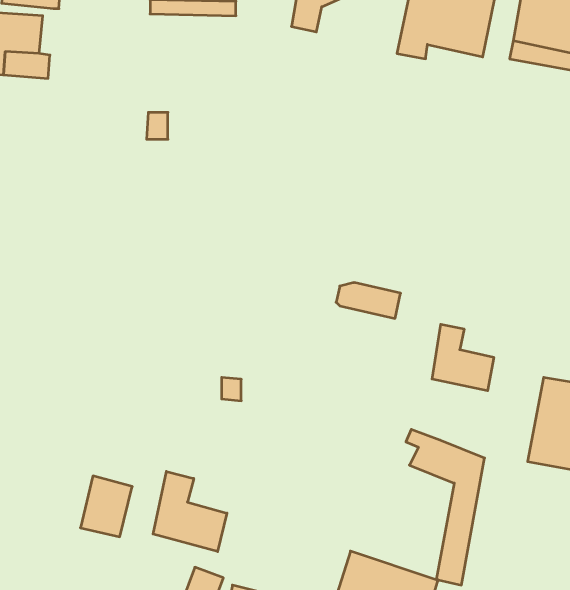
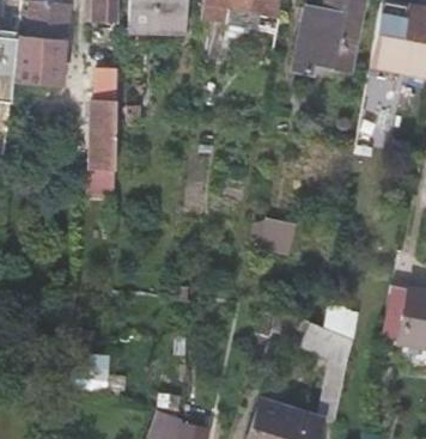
building: none -> [90,66,117,167]
building: [432,324,494,391] -> none
building: [153,471,227,552] -> none

